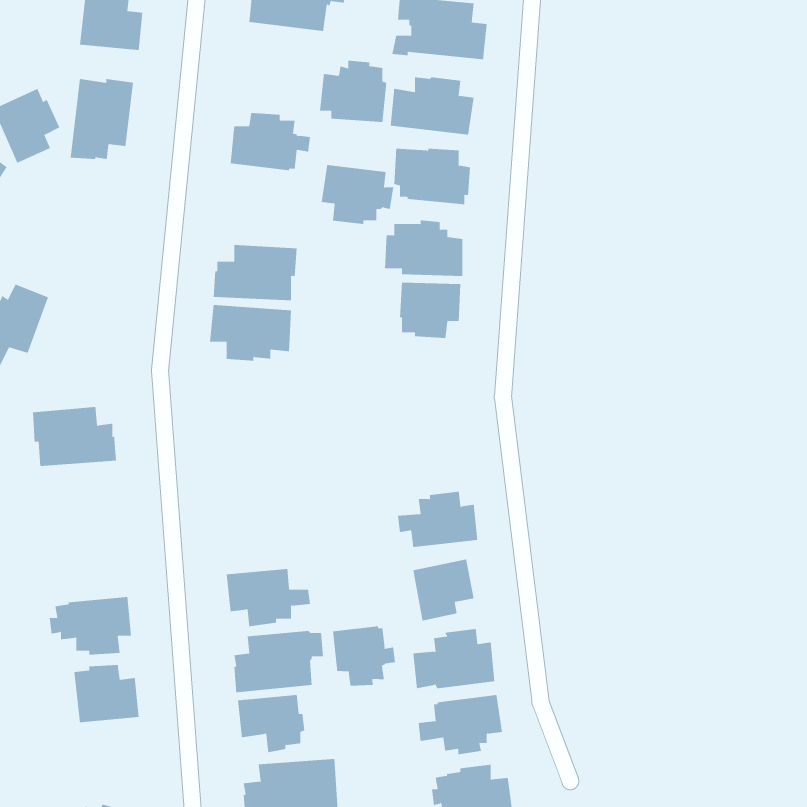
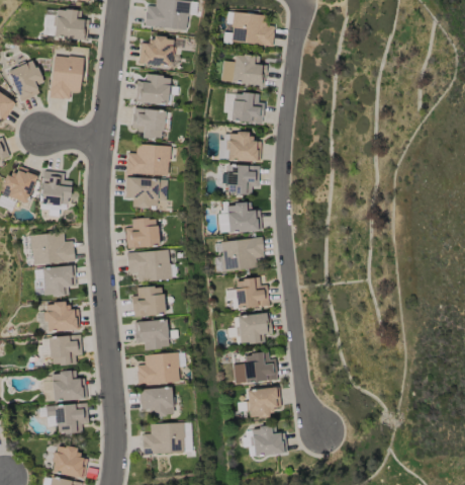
building: [319,60,387,122] -> [138,35,175,69]
building: [321,164,394,225] -> [131,107,171,140]
building: none -> [40,171,73,217]
building: none -> [217,201,262,233]
building: none -> [125,218,161,248]
building: none -> [220,237,265,271]
building: none -> [127,250,178,281]
building: none -> [42,265,77,297]
building: none -> [132,286,166,317]
building: none -> [44,301,80,332]
building: [333,626,396,686] -> none
building: none -> [46,403,88,433]

